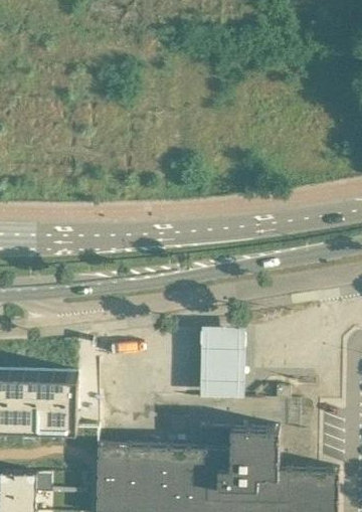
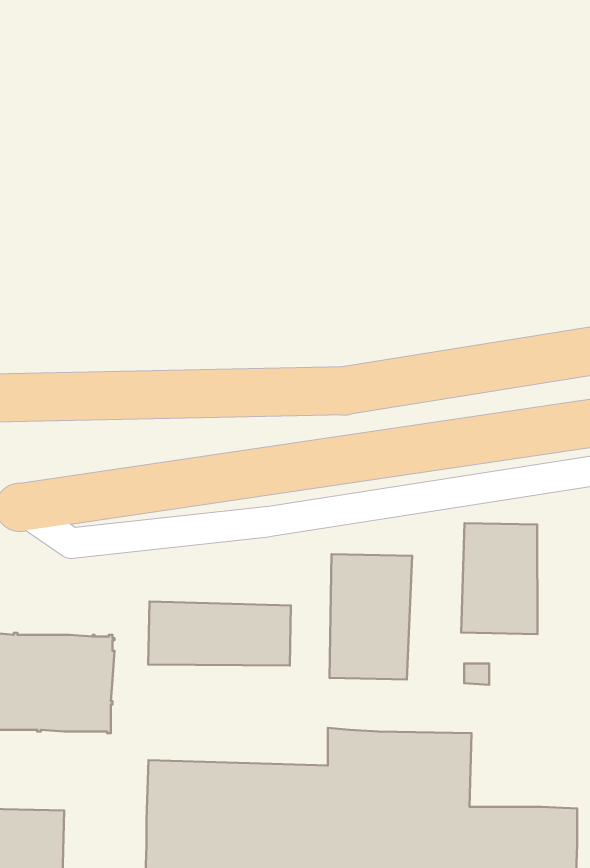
building: none -> [461,523,537,634]
building: none -> [148,602,291,666]

